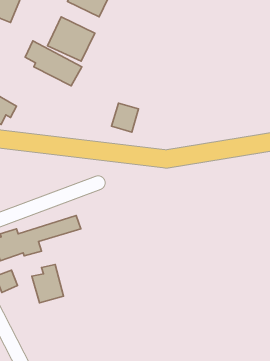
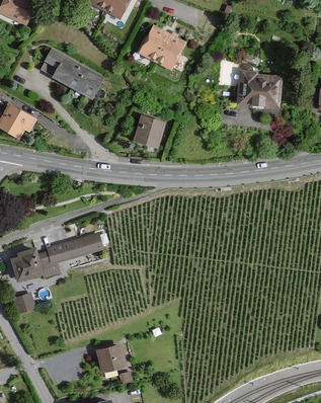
building: [48,17,95,61] -> [139,27,188,74]
building: none -> [238,69,279,104]
building: [32,265,64,303] -> none
building: none -> [97,340,128,370]

